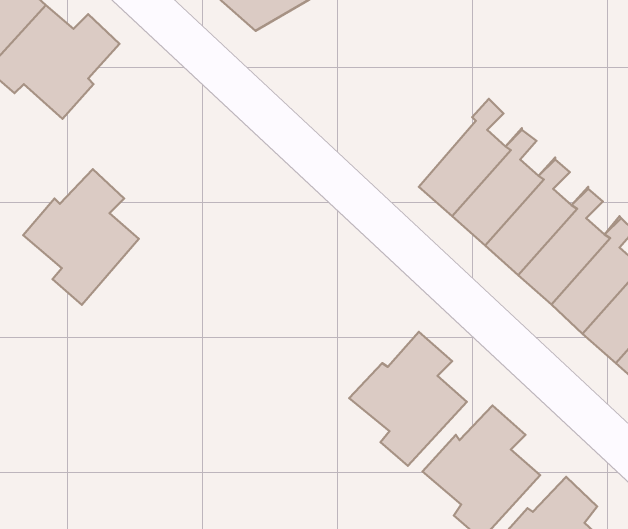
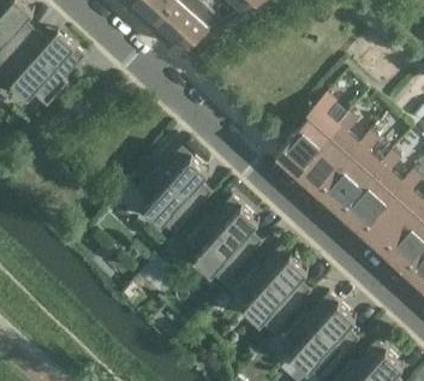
building: [23,169,139,305] -> [135,148,210,237]
building: none -> [185,197,261,286]

